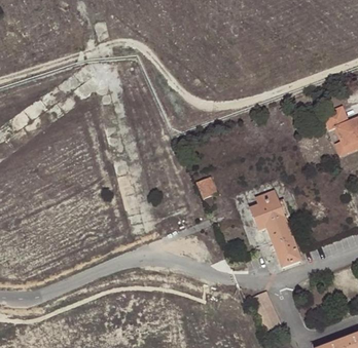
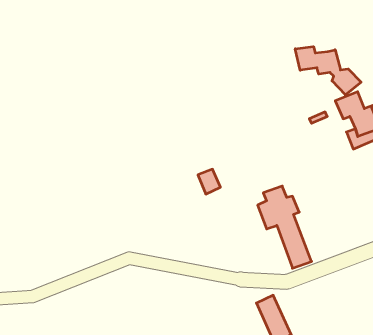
building: none -> [295,47,361,95]

